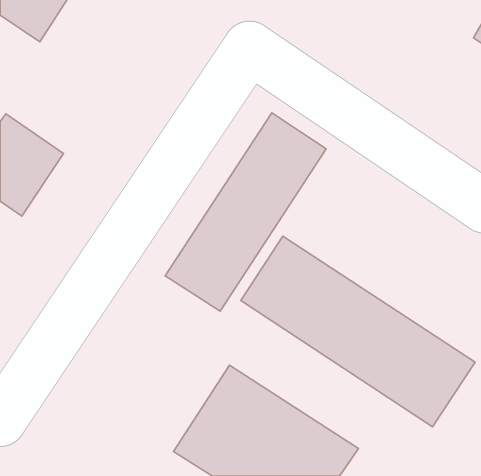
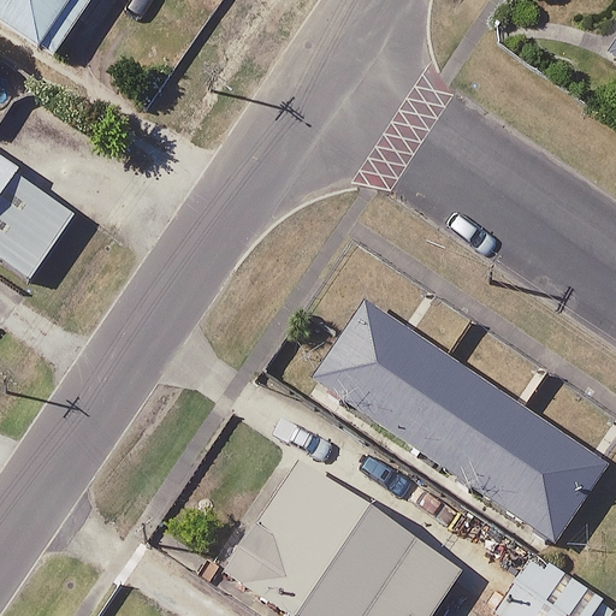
building: [165,113,326,311] -> none

